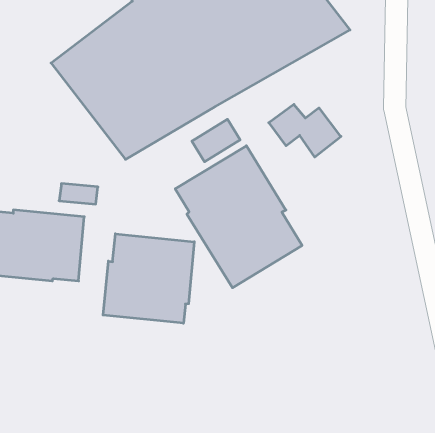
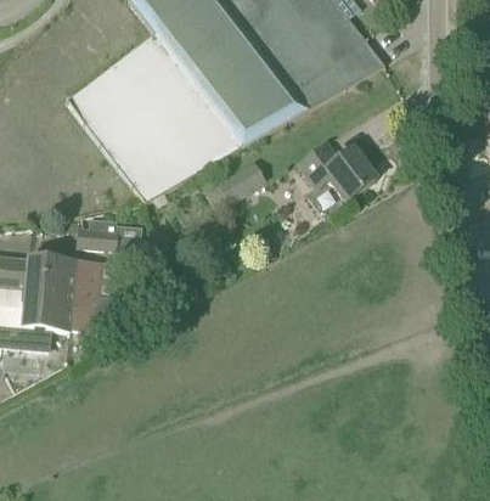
building: [175,146,302,288] -> none
building: [103,234,194,323] -> none

